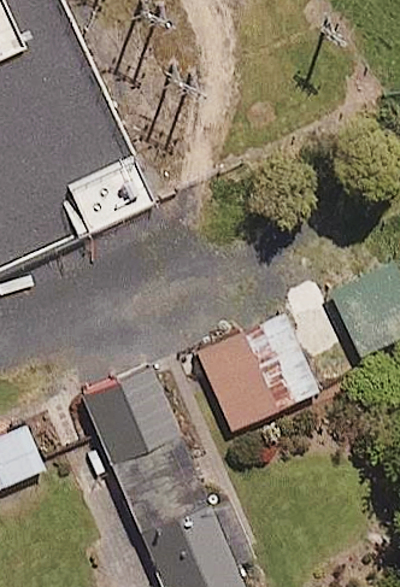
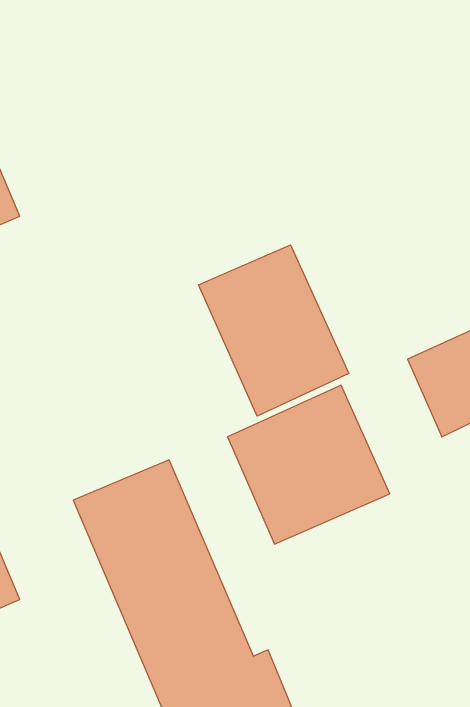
building: none -> [198,245,349,416]

